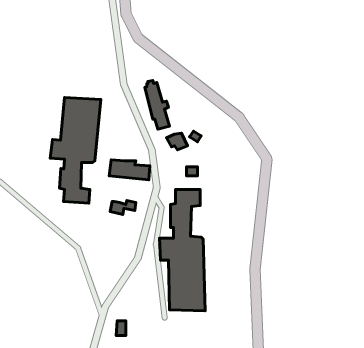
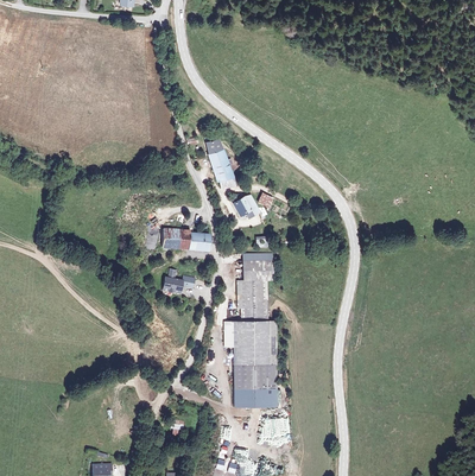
building: [50,97,101,203] -> none

